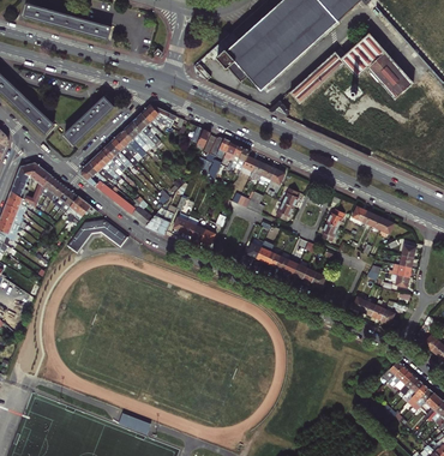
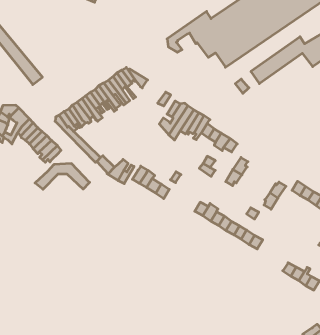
building: [66,97,115,144] -> none

